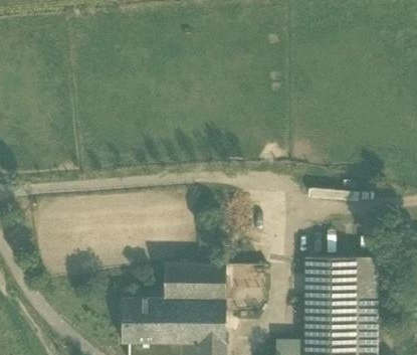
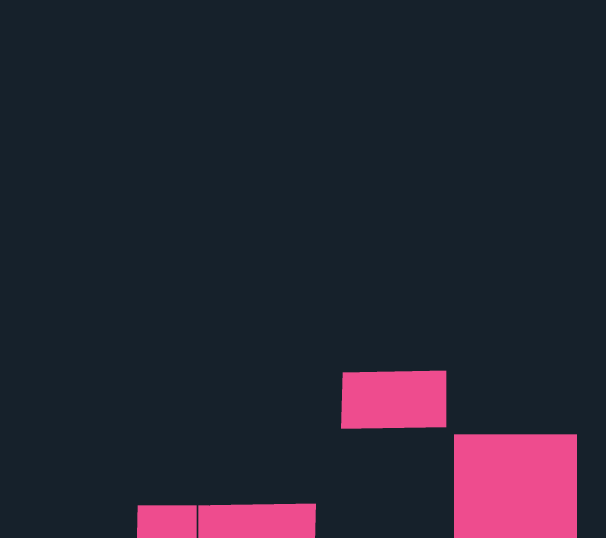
building: [164,265,226,300] -> [340,370,447,429]

